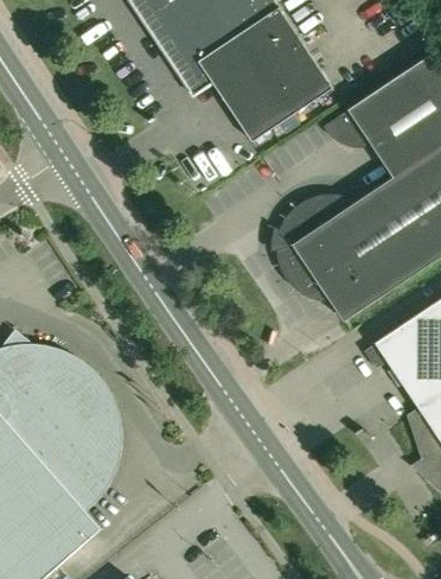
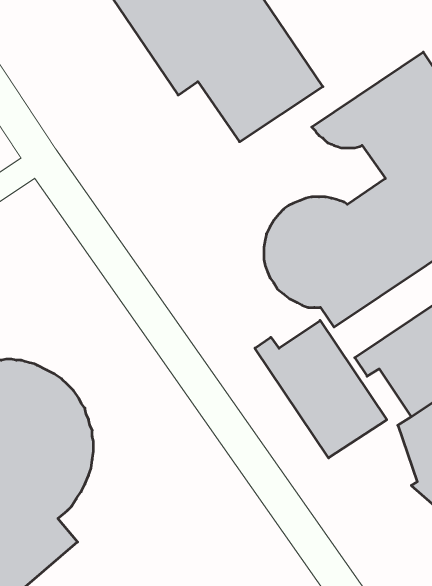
building: none -> [255,320,387,458]

